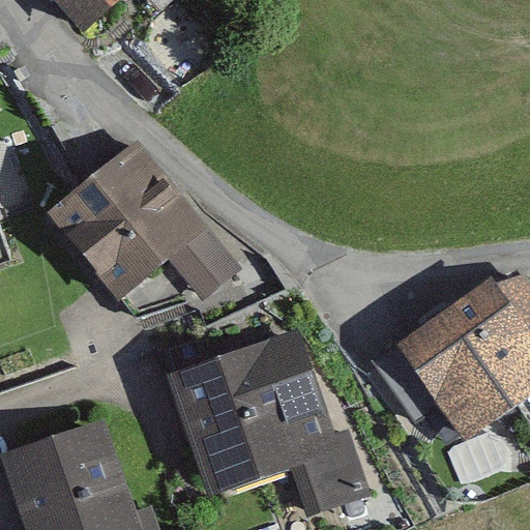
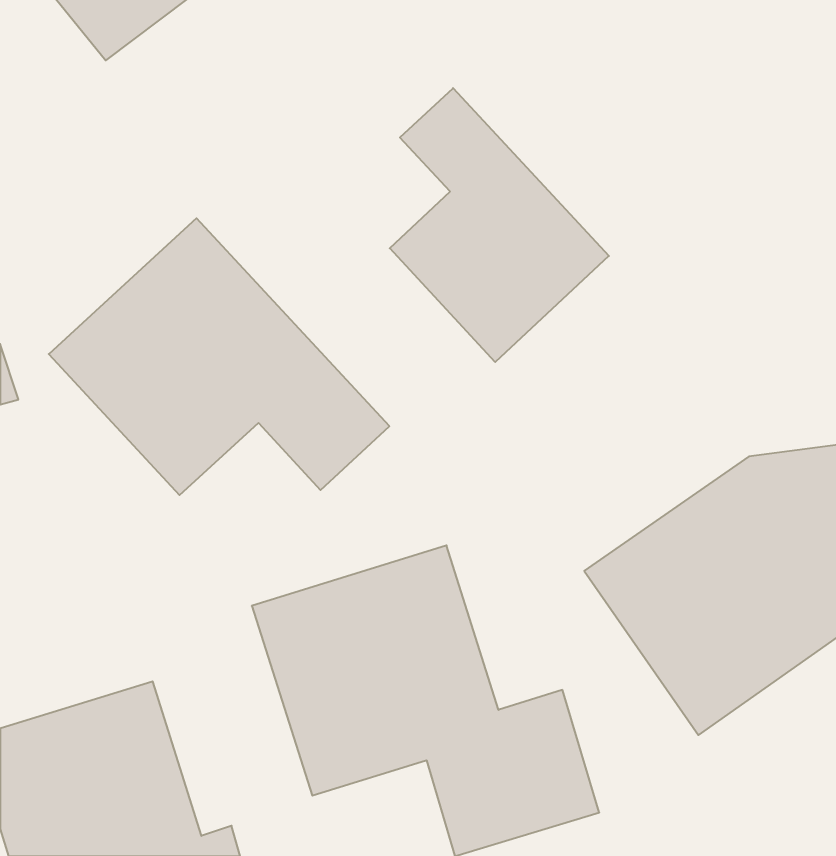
building: none -> [390,88,609,362]

